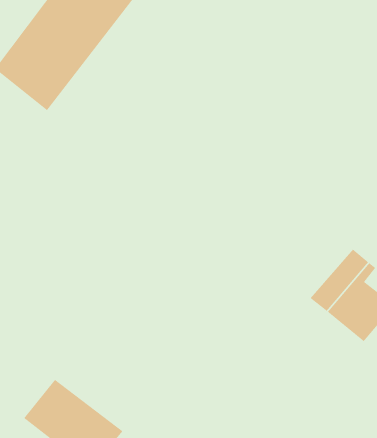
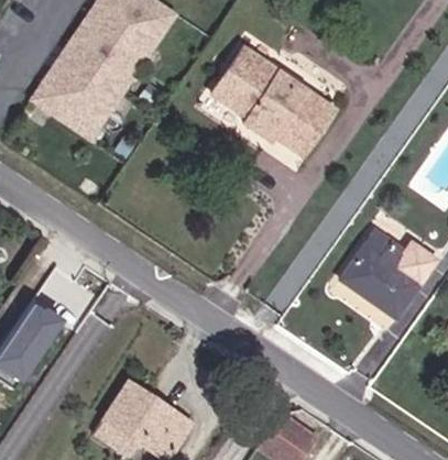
building: none -> [211,50,335,157]

